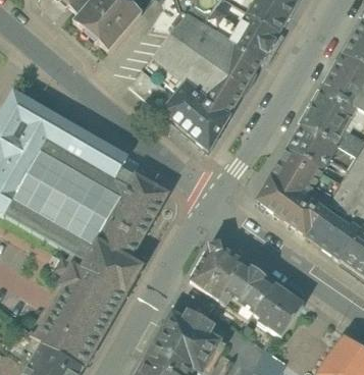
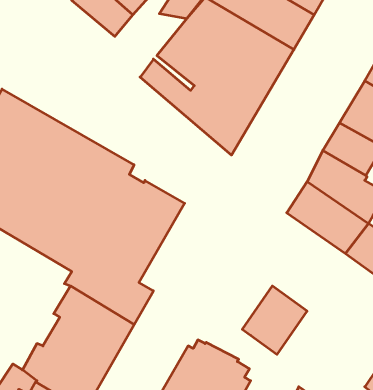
building: [191,246,244,299] -> none
building: [248,283,303,335] -> none

